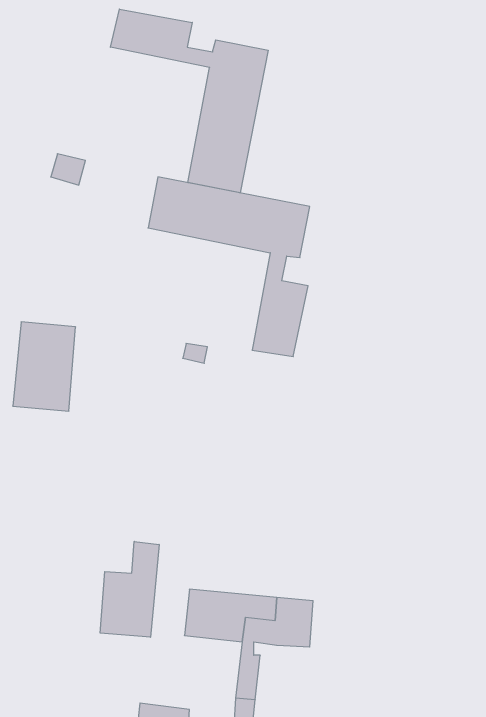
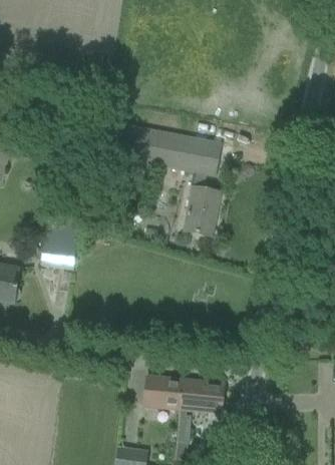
building: [110,9,268,193] -> none
building: [100,541,159,637] -> none

